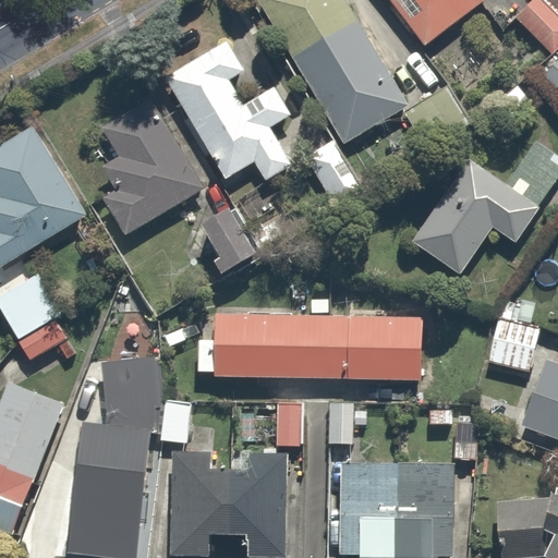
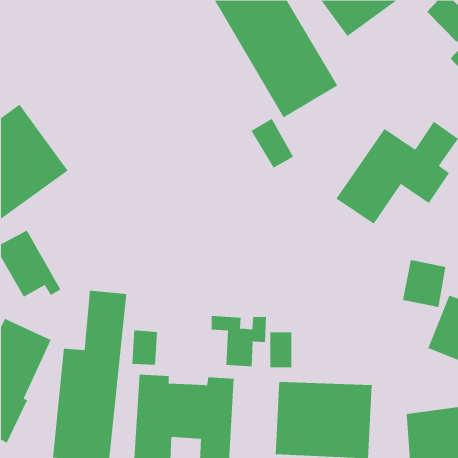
building: [167,43,300,183] -> none
building: [100,90,218,238] -> none
building: [198,210,252,270] -> none
building: [211,310,424,379] -> none

